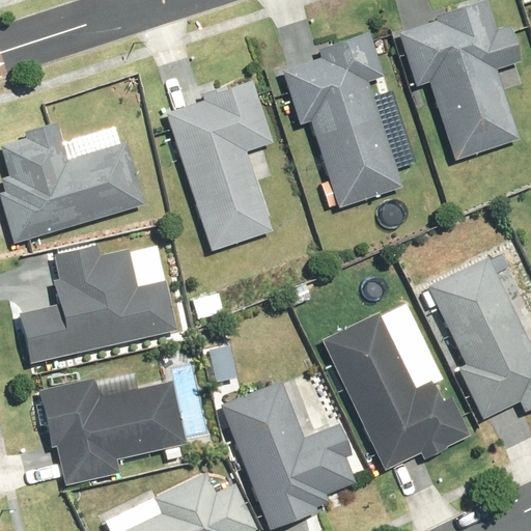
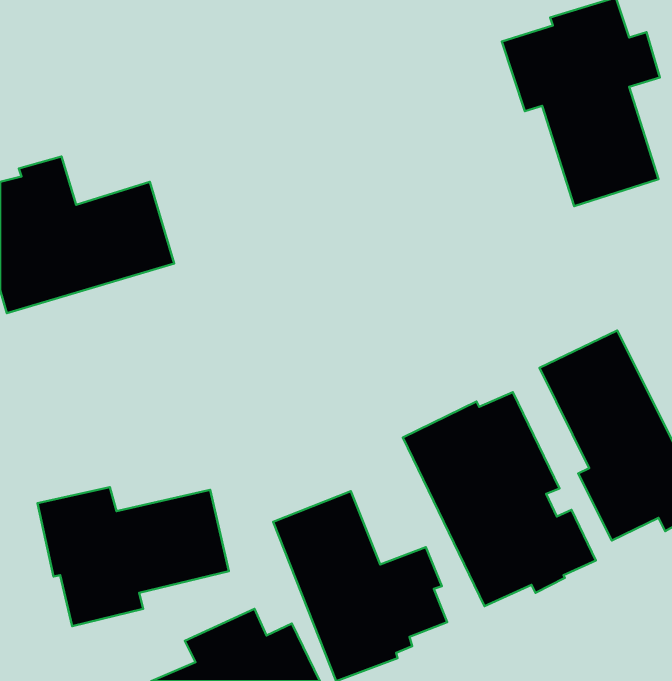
building: [282,32,403,207] -> none
building: [166,80,273,251] -> none
building: [18,245,177,363] -> none

